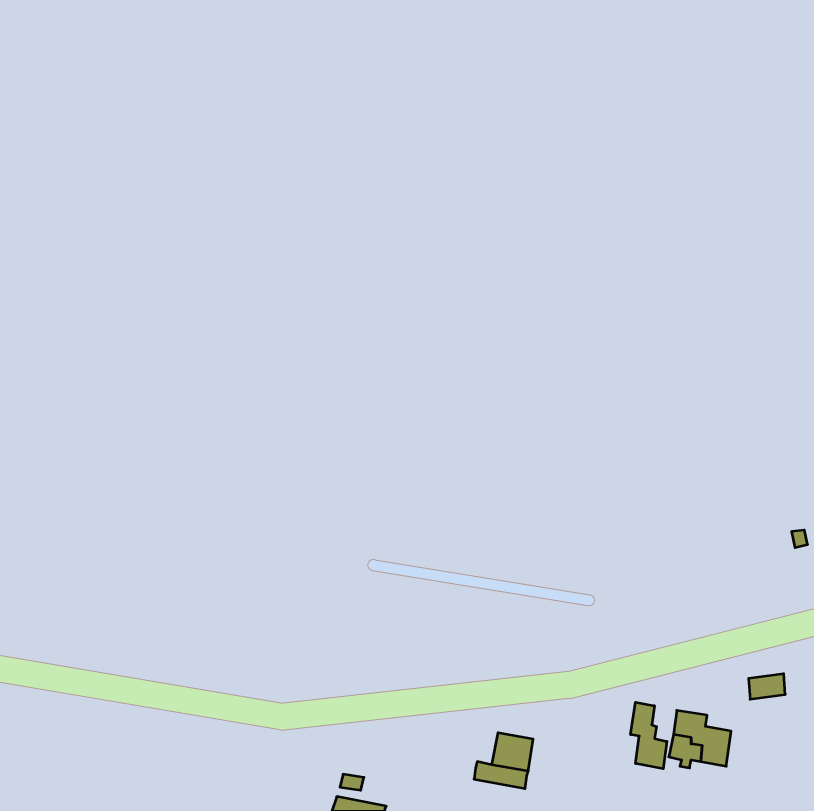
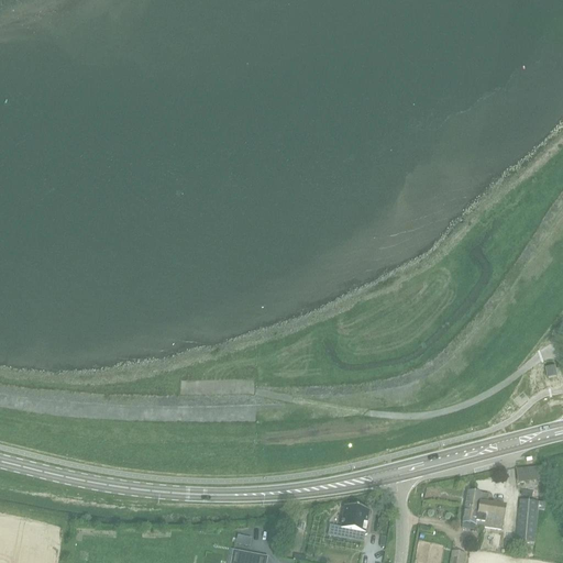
building: [631,702,667,769] -> none
building: none -> [516,499,545,539]

